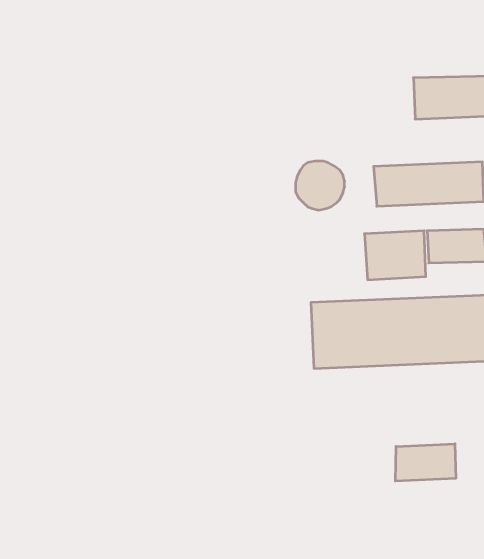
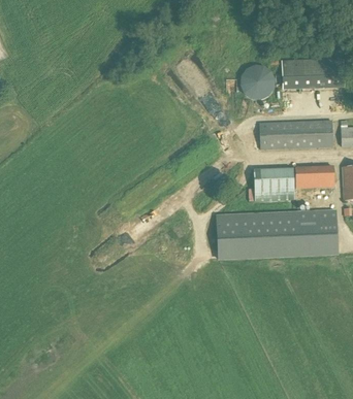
building: [296,161,345,210] -> [240,66,274,99]
building: [395,444,456,481] -> none

